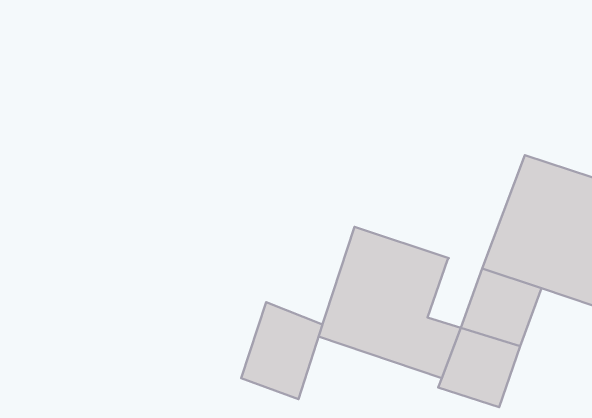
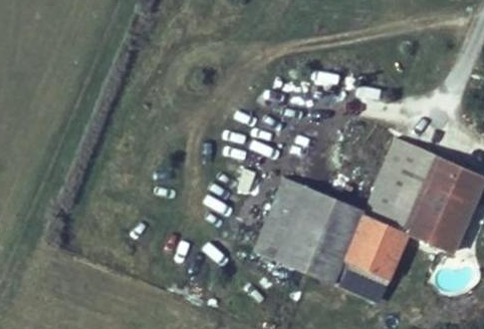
building: none -> [324,204,365,252]
building: [241,302,322,399] -> none

